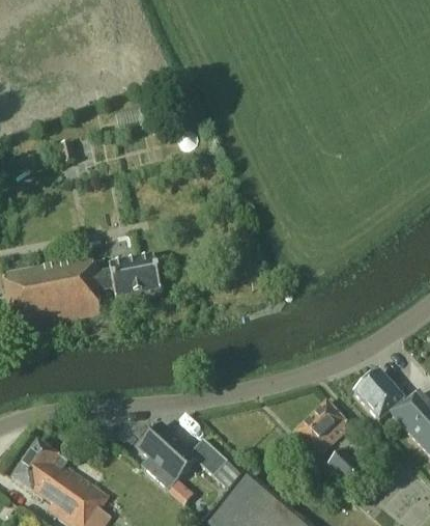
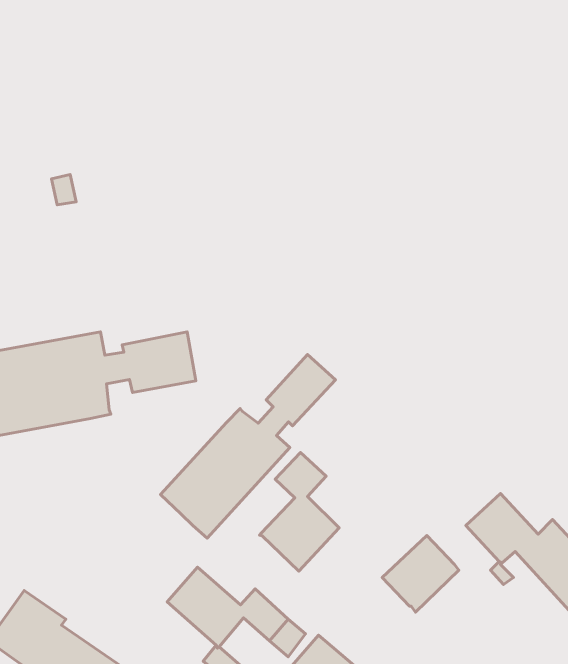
building: none -> [160,354,336,538]
building: none -> [259,452,339,571]
building: [328,448,362,481] -> none

